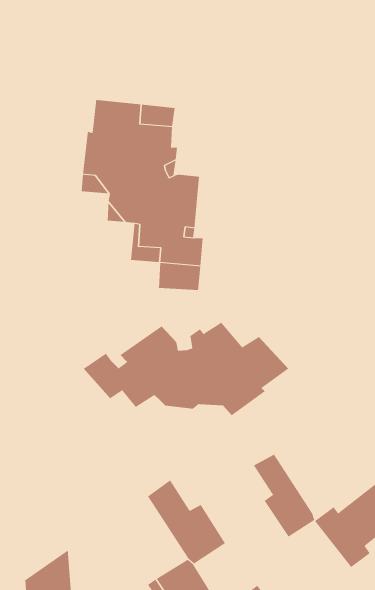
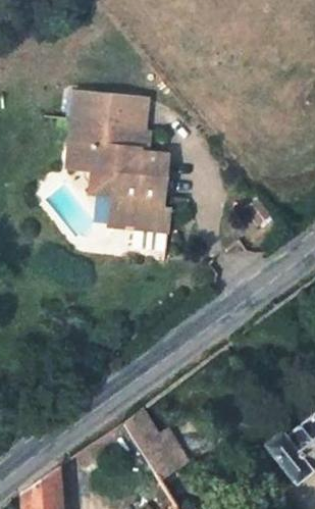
building: [83,322,289,416] -> none
building: [253,454,315,537] -> none

